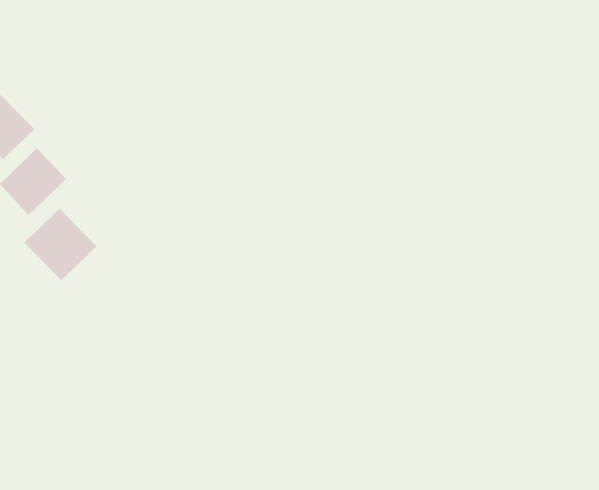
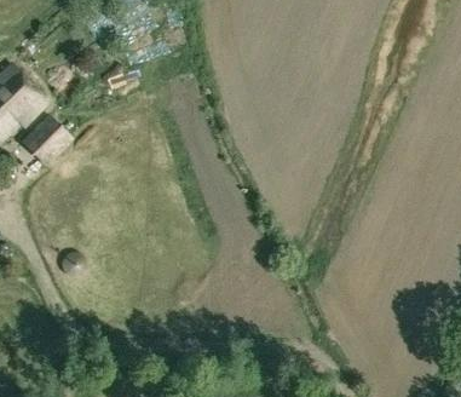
building: [24,208,97,281] -> none

